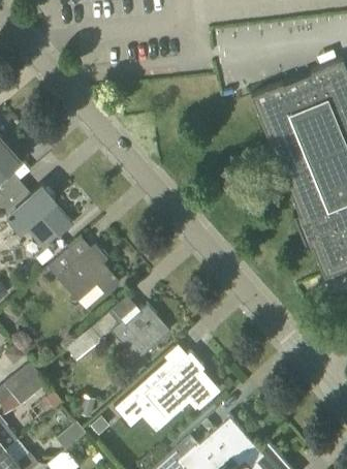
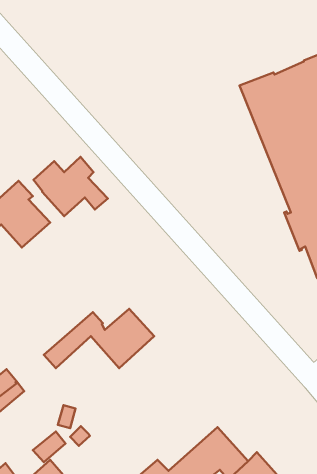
building: [49,245,119,301] -> [33,157,108,216]
building: [115,351,220,424] -> none

